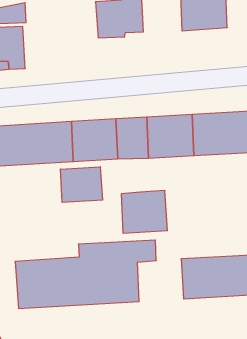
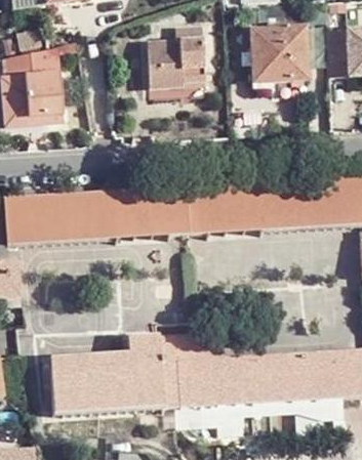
building: [60,167,103,202] -> none
building: [121,191,167,233] -> [198,353,253,405]

